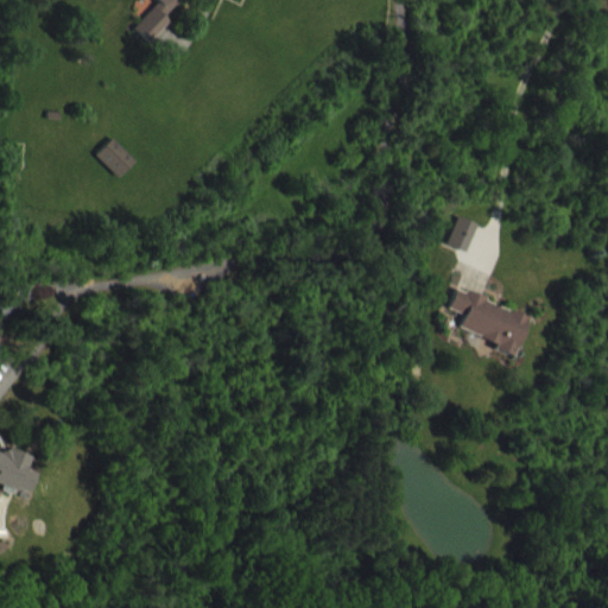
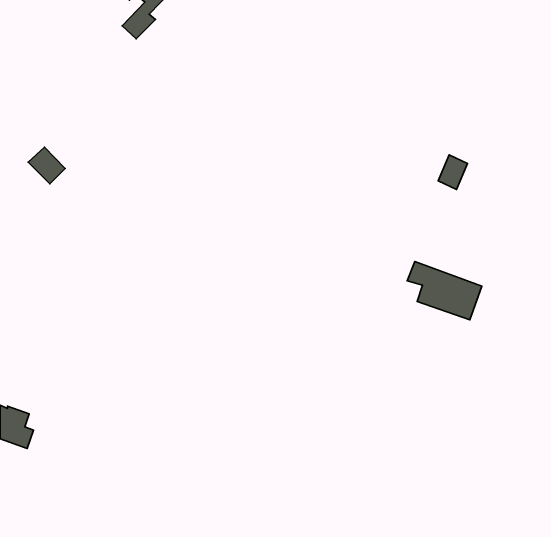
building: [96,138,137,178] -> [28,147,65,184]
building: [446,215,479,253] -> [438,155,467,189]

